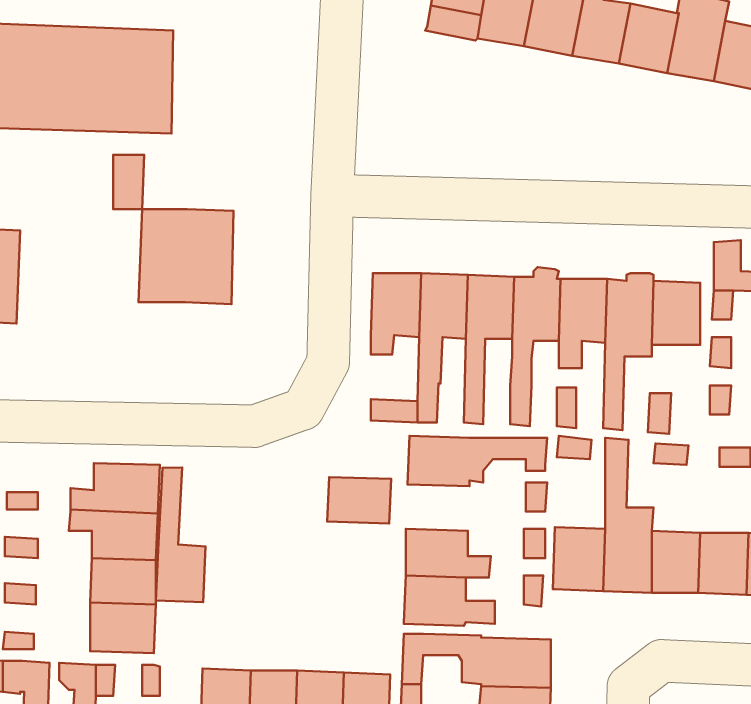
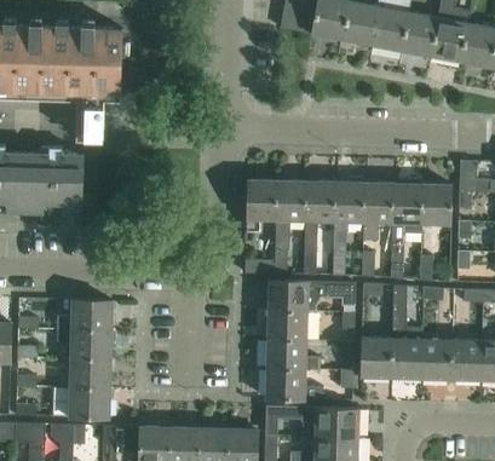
building: [138,209,233,304] -> [24,154,84,213]
building: [156,468,206,602] -> none
building: [327,477,391,524] -> [267,312,307,341]

